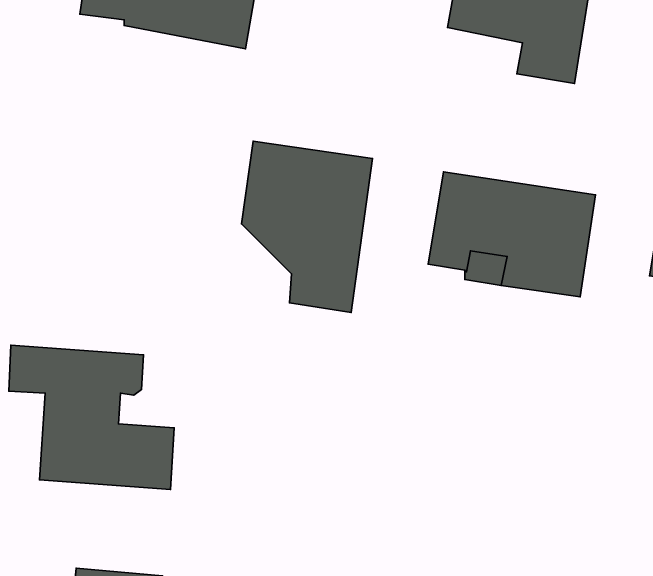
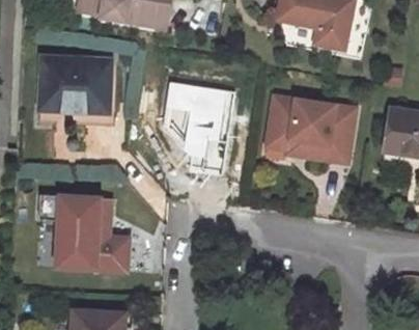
building: none -> [41,53,112,119]

